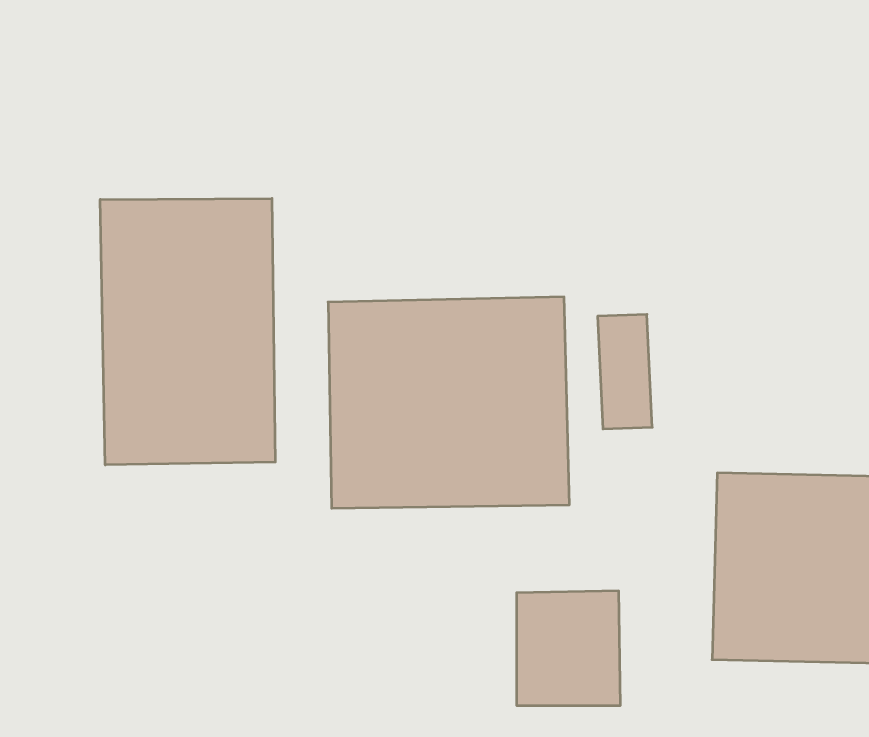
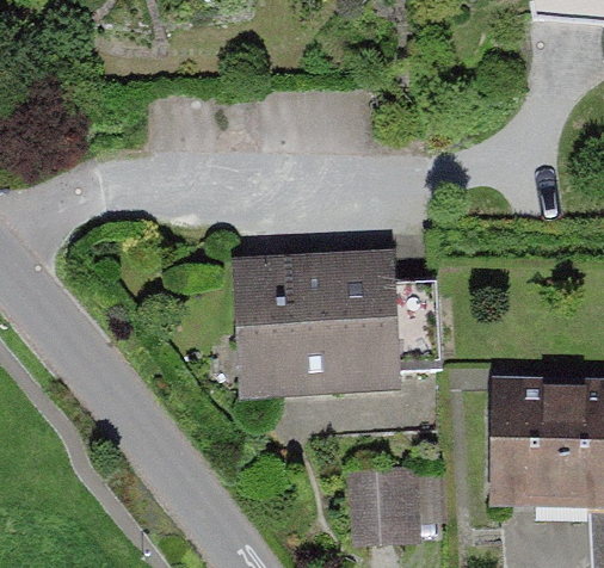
building: [100,198,275,465] -> none

